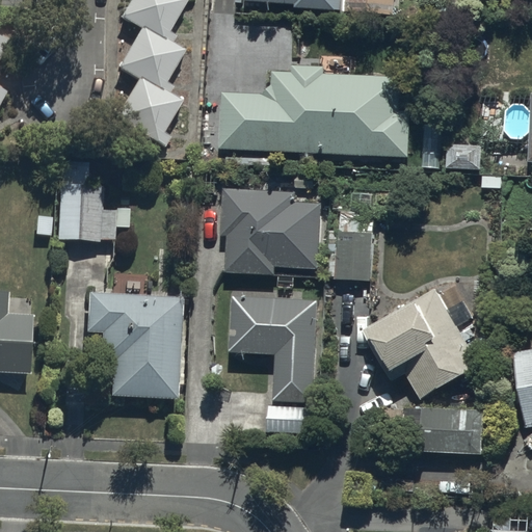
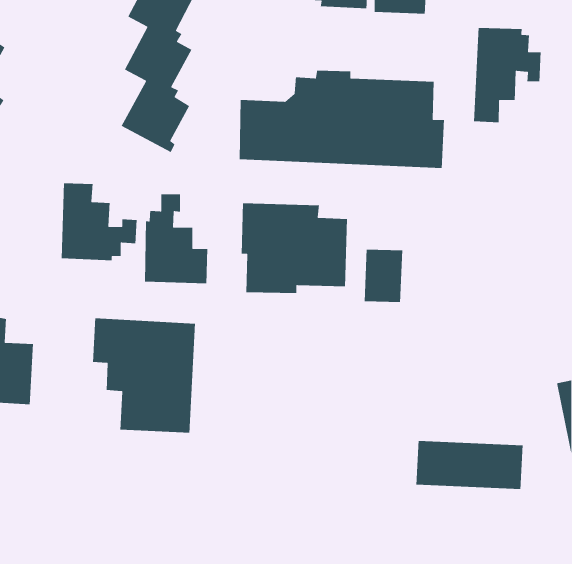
building: none -> [473,27,541,123]
building: none -> [144,193,208,284]
building: [364,288,480,400] -> none
building: [231,297,318,432] -> none

